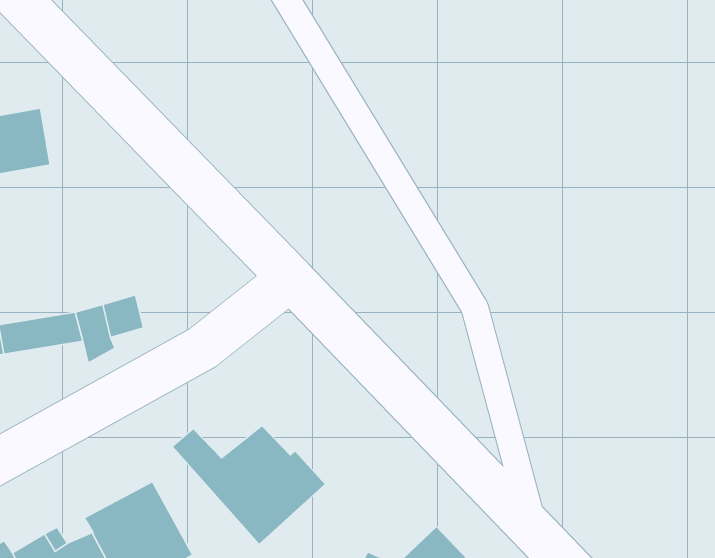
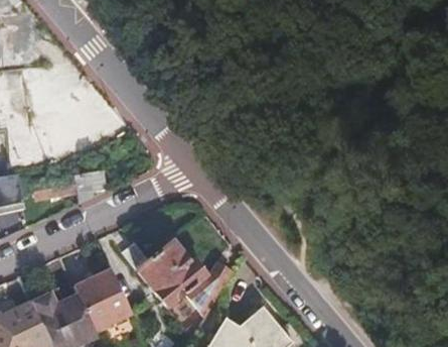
building: none -> [188,265,231,312]

